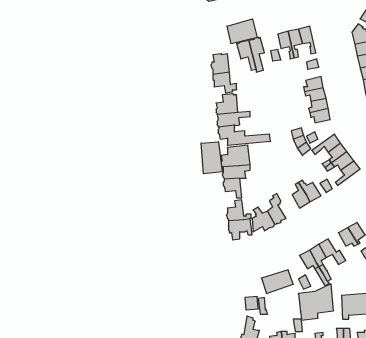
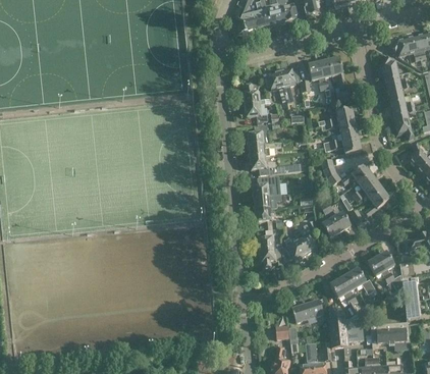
building: [227,19,257,44] -> none
building: [201,142,222,174] -> none

